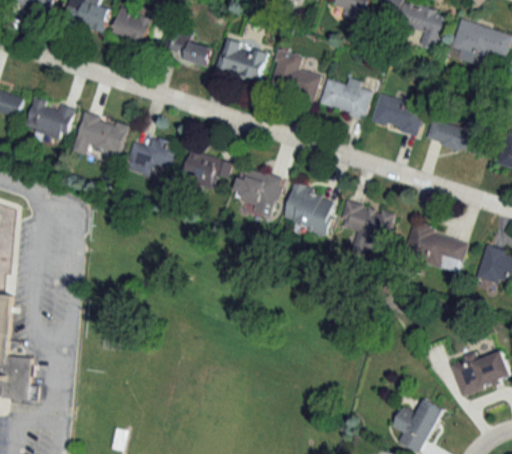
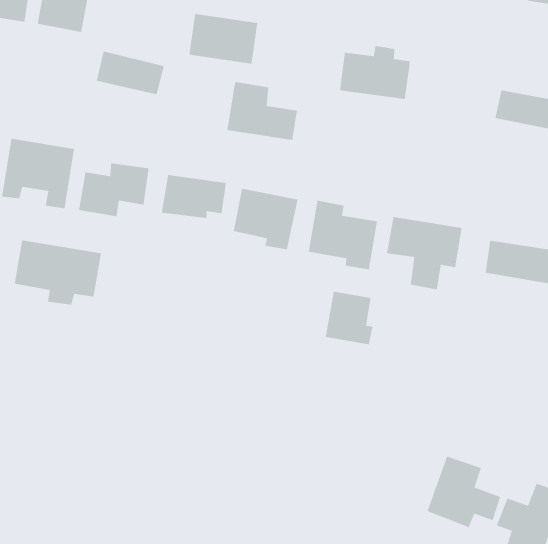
building: [161,30,211,66] -> [96,51,165,95]
building: [268,49,320,96] -> [226,81,298,141]
building: [370,91,425,135] -> none
building: none -> [14,240,102,306]
building: none -> [325,291,373,345]
building: none -> [426,456,501,528]

